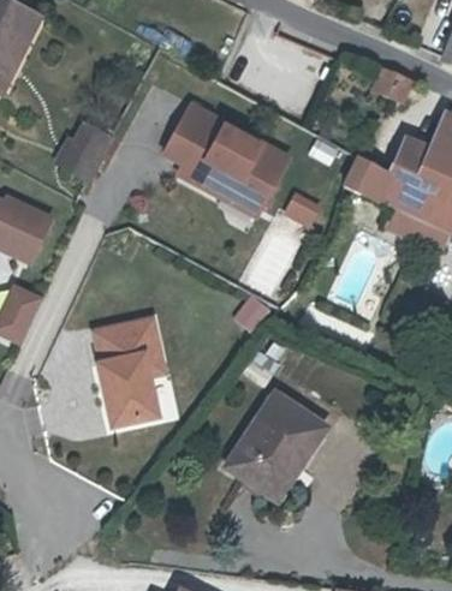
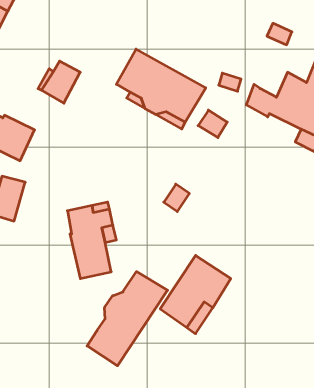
building: none -> [87,272,168,366]

